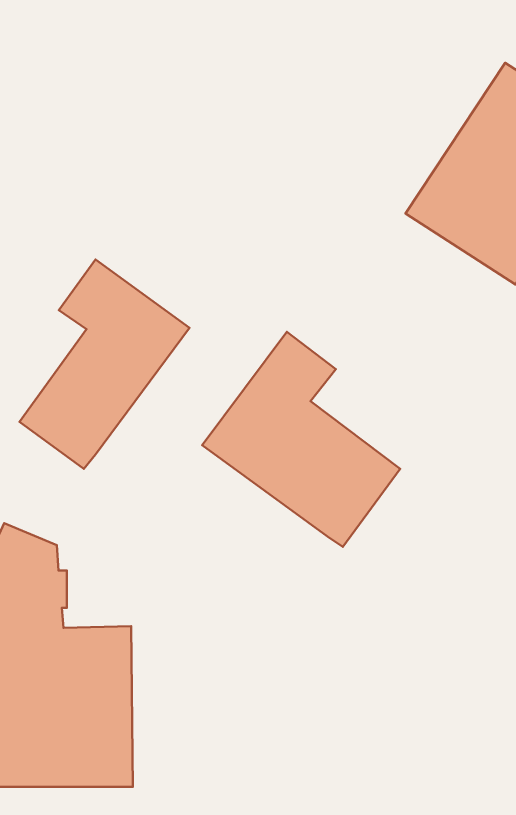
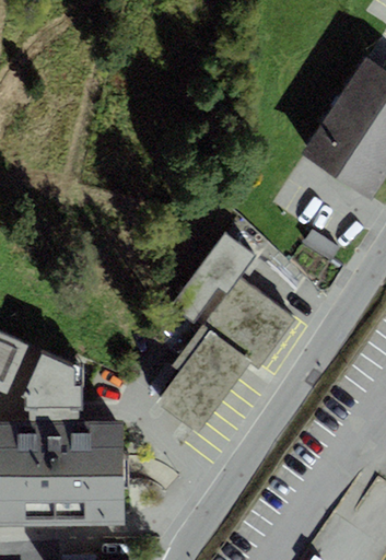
building: [20,259,189,469] -> none
building: none -> [148,304,249,433]

